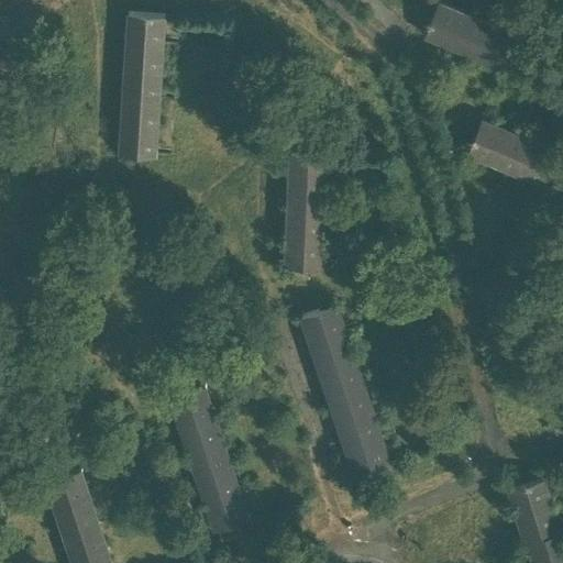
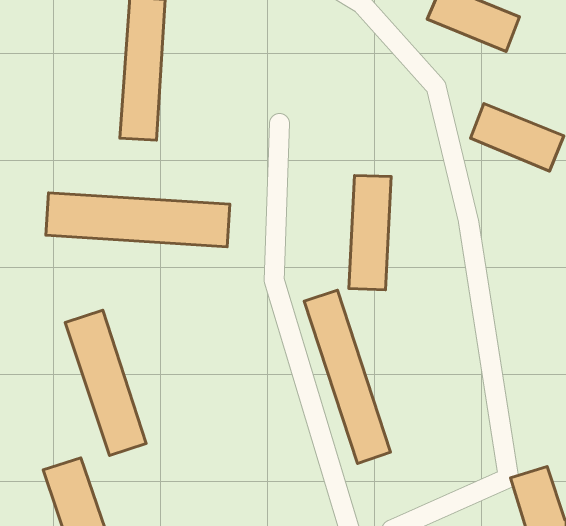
building: [284,156,325,269] -> [349,175,391,290]
building: none -> [46,193,230,247]
building: [167,389,247,533] -> [65,310,146,456]

